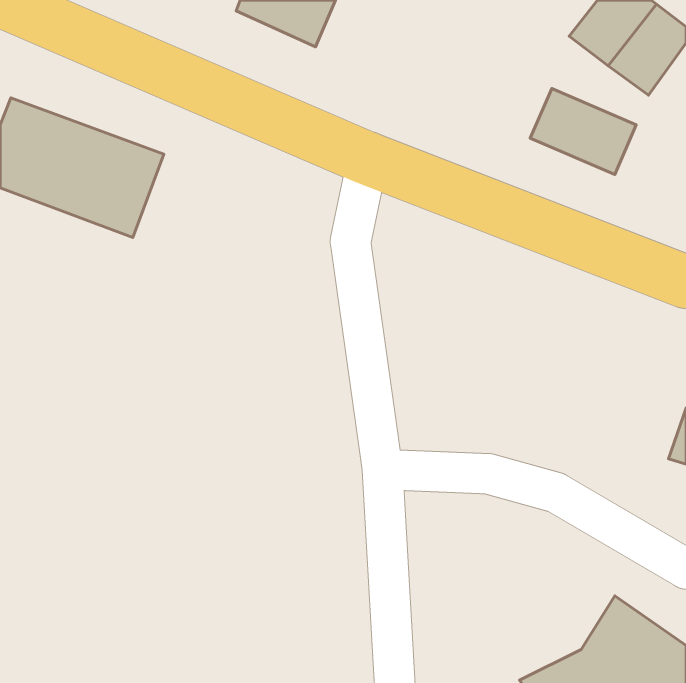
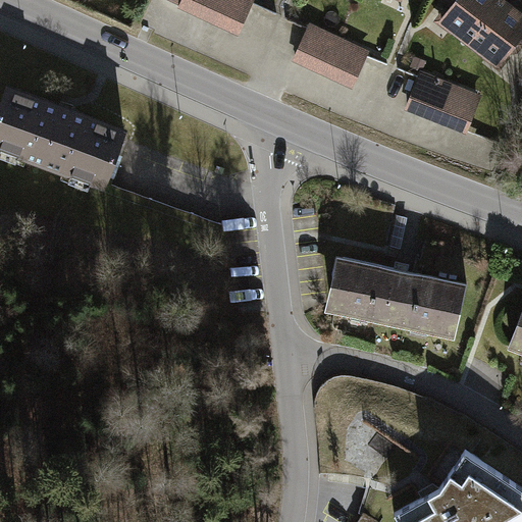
building: none -> [292,24,367,89]
building: none -> [323,256,465,338]

